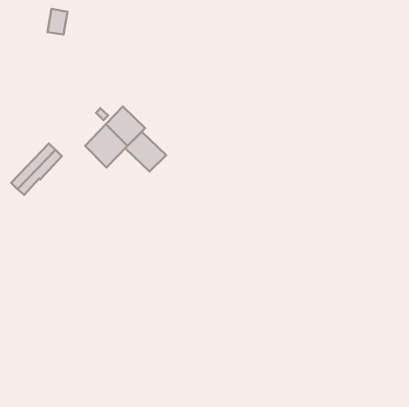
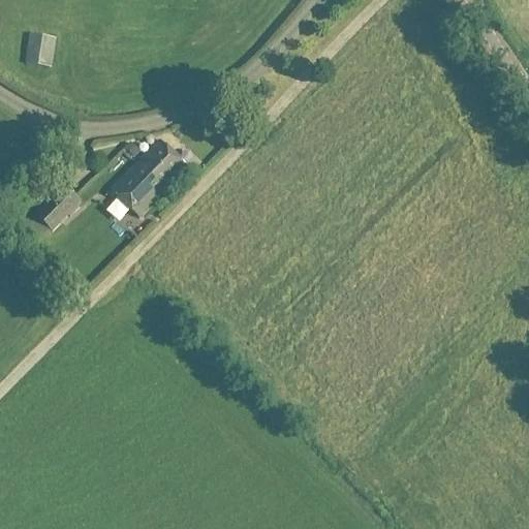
building: [48,9,68,34] -> [26,32,52,65]
building: [125,132,166,172] -> none

